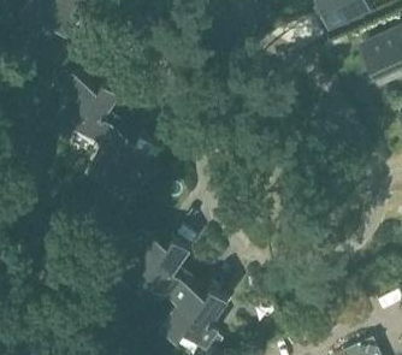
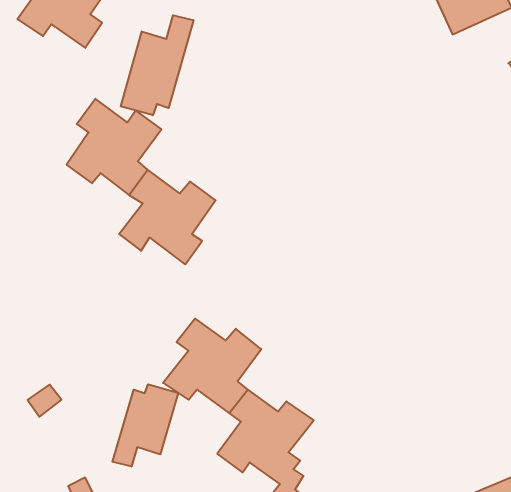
building: none -> [121,15,193,115]
building: none -> [112,384,178,467]

